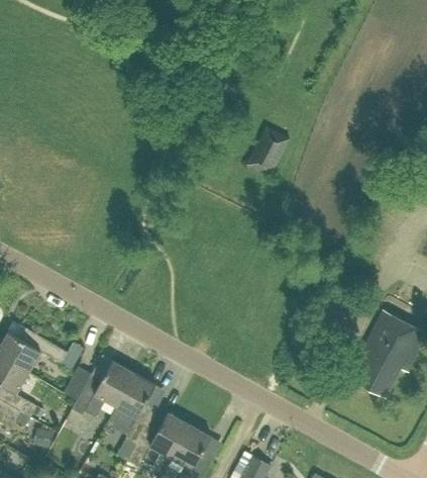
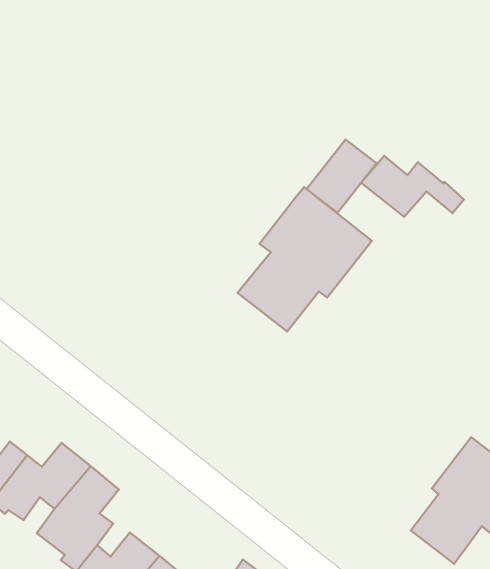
building: none -> [361,156,464,217]
building: none -> [237,187,372,332]

